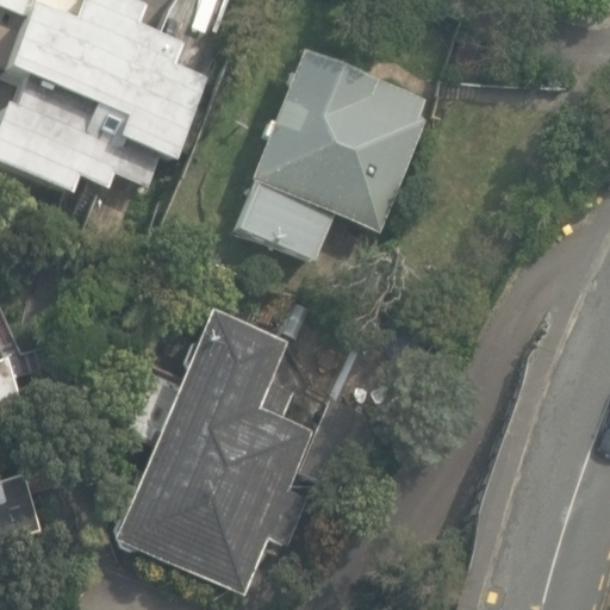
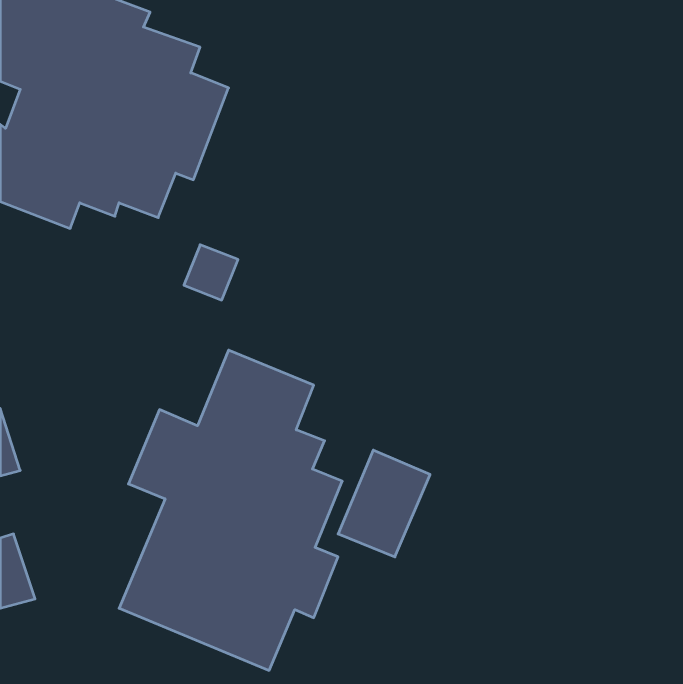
building: [242,49,429,256] -> none

